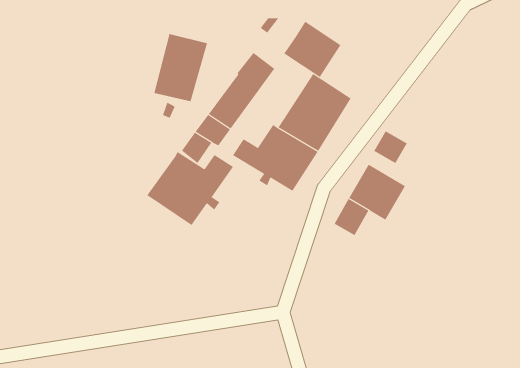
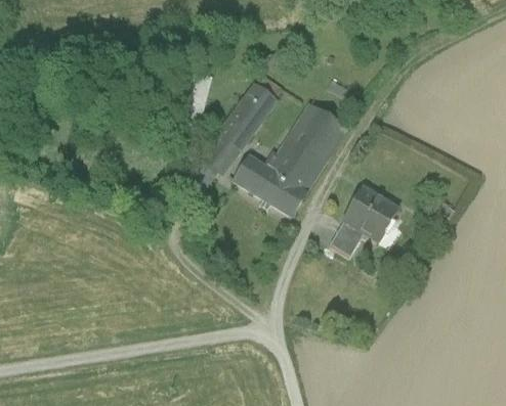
building: [284,21,341,78] -> none
building: [373,131,408,164] -> none
building: [146,151,234,226] -> none

